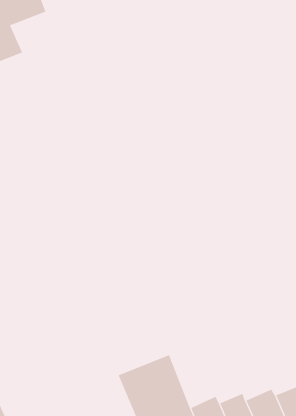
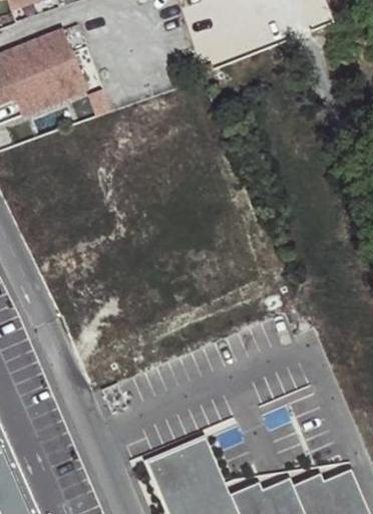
building: none -> [30,61,81,106]

